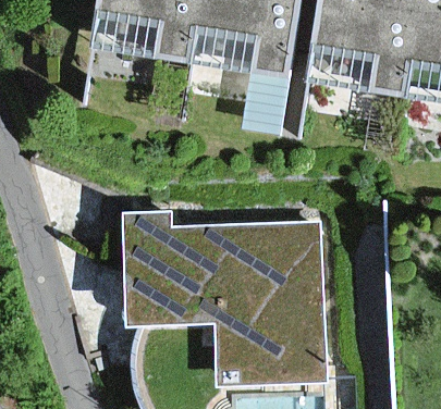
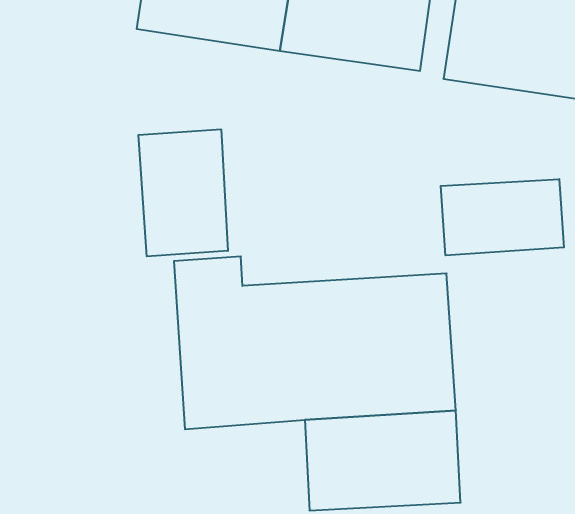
building: none -> [138,129,228,256]
building: none -> [441,179,564,255]

